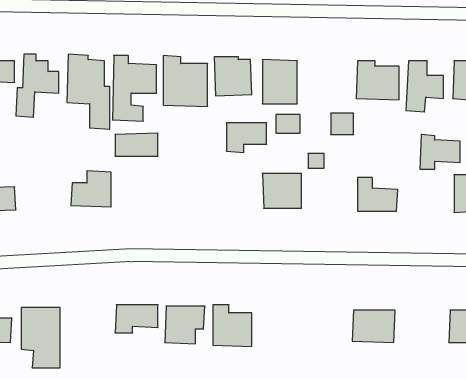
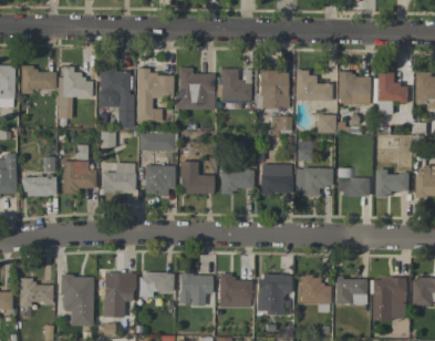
building: none -> [296,72,332,101]
building: [226,123,267,152] -> [220,170,253,195]
building: [420,134,460,169] -> [377,168,411,197]
building: none -> [62,161,96,194]
building: none -> [179,162,214,194]
building: none -> [145,165,173,195]
building: none -> [296,167,332,195]
building: none -> [103,272,135,318]
building: none -> [257,275,291,313]
building: none -> [300,276,330,303]
building: none -> [375,277,408,320]

